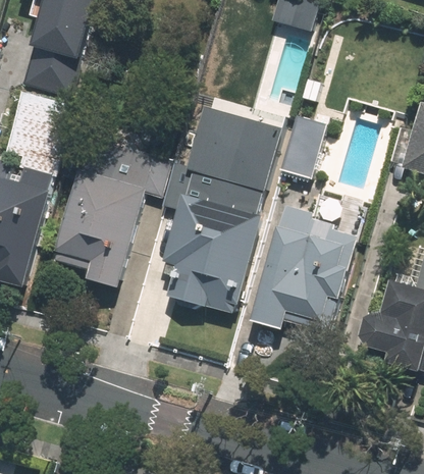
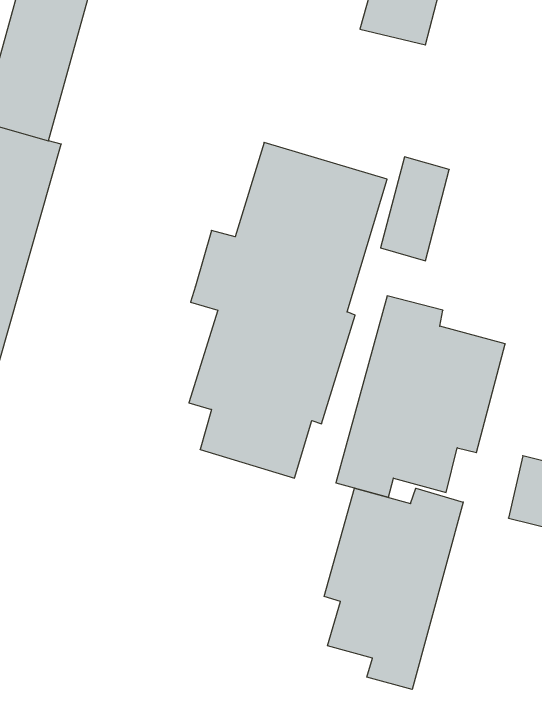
building: [53,135,171,285] -> none
building: none -> [324,488,463,689]

